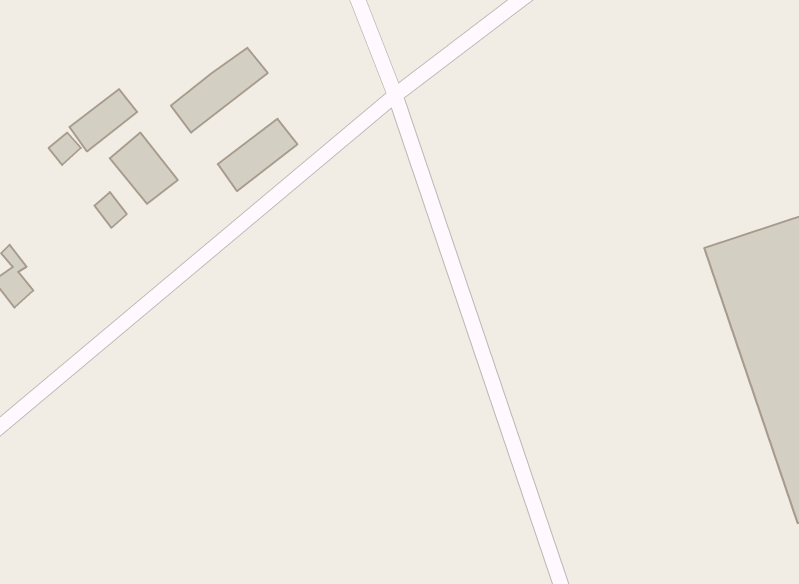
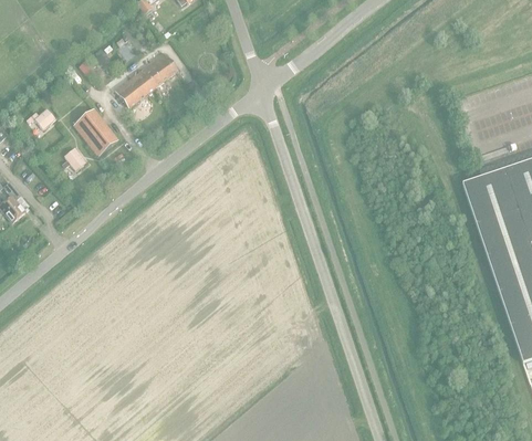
building: [69,89,137,151] -> none
building: [218,119,297,191] -> none

